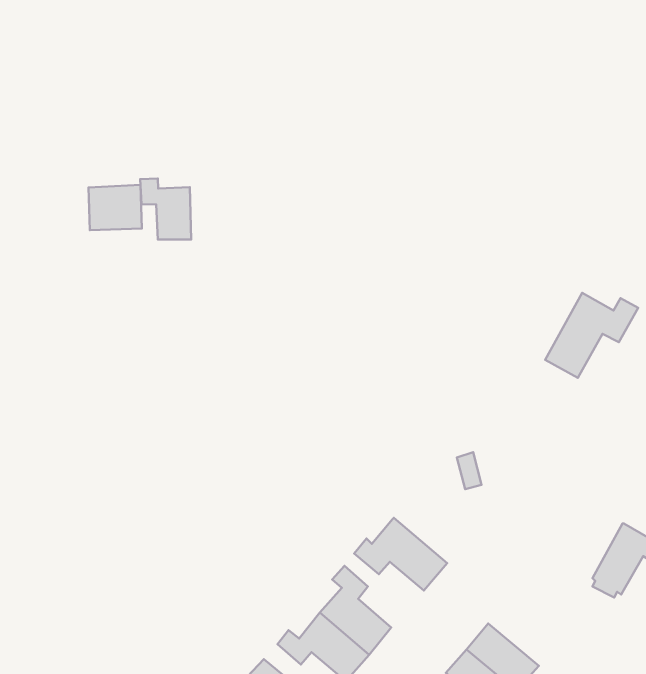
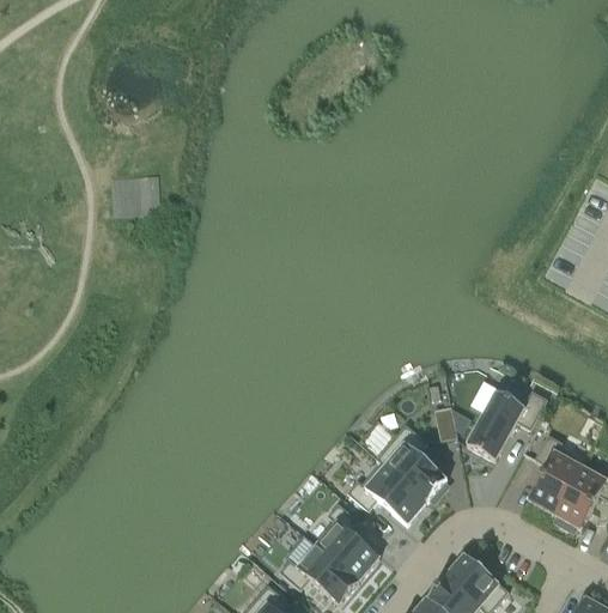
building: [140,178,191,240] -> none
building: [545,293,638,378] -> [466,387,547,461]
building: none -> [376,425,448,503]
building: none -> [528,435,584,515]

